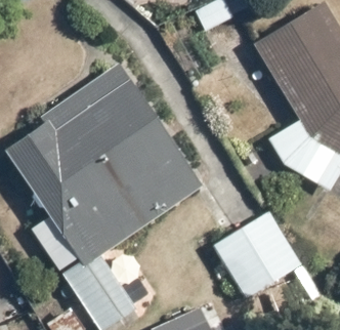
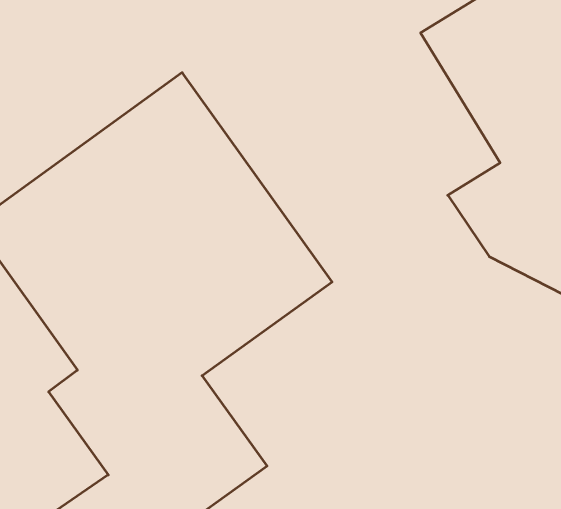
building: [211,204,305,304] -> none

